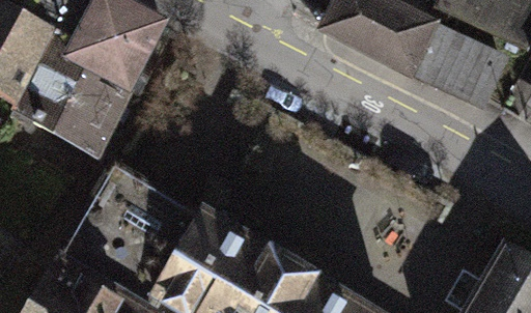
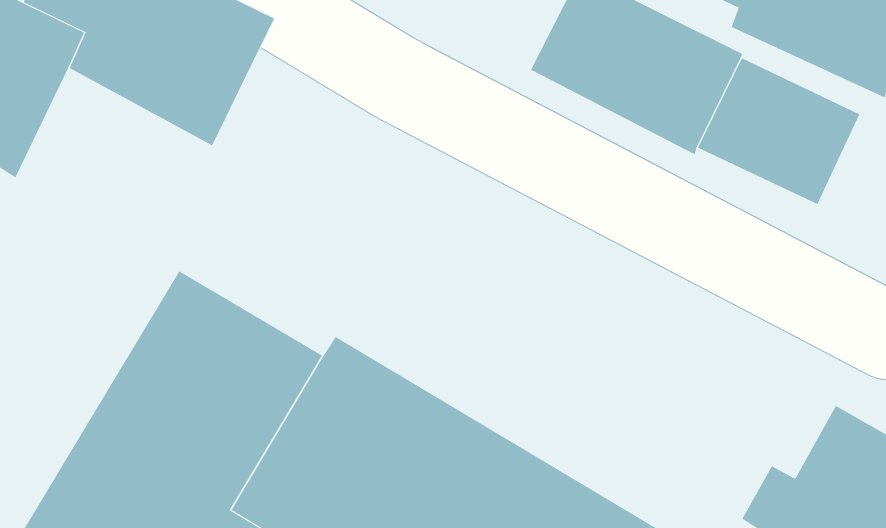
building: [17,40,137,156] -> none

